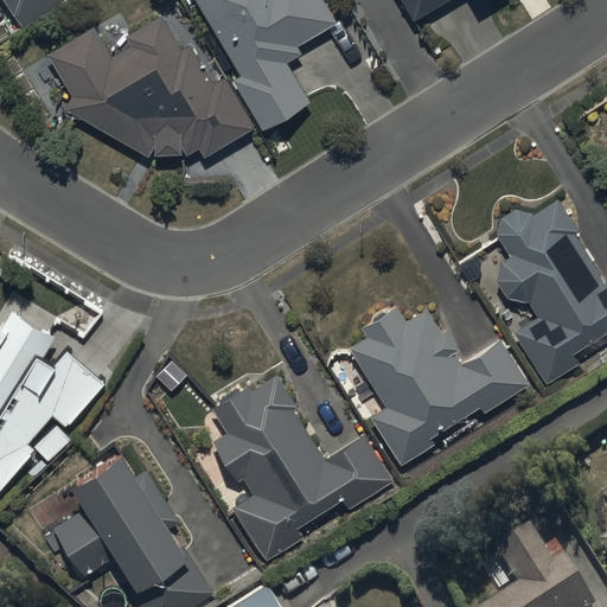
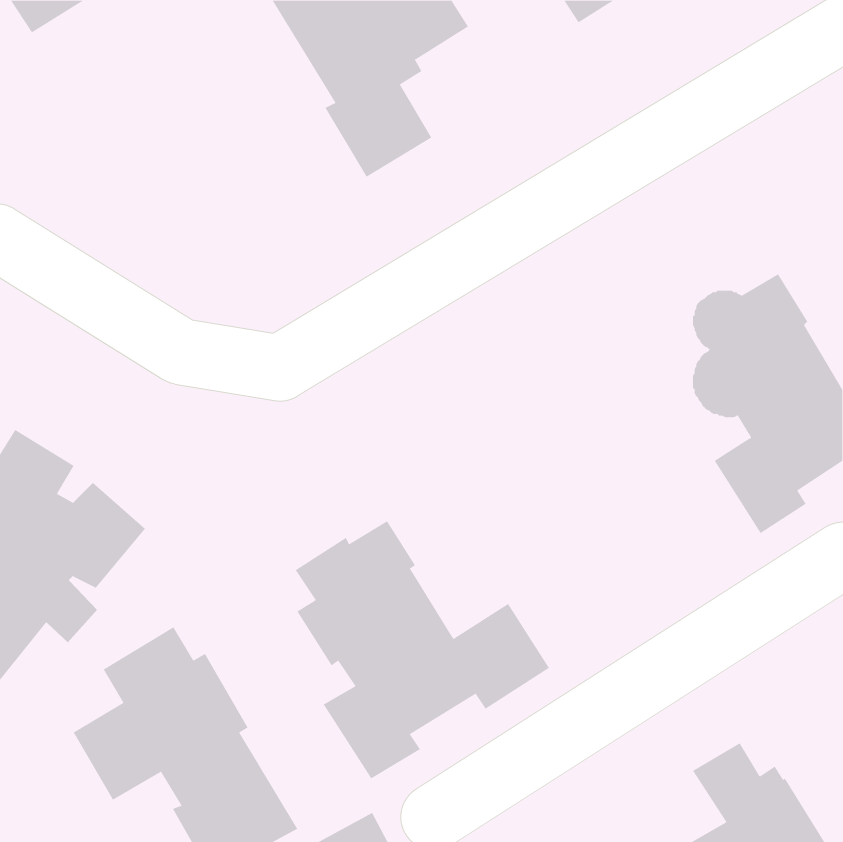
building: [46,17,254,158] -> none
building: [349,308,529,466] -> none

